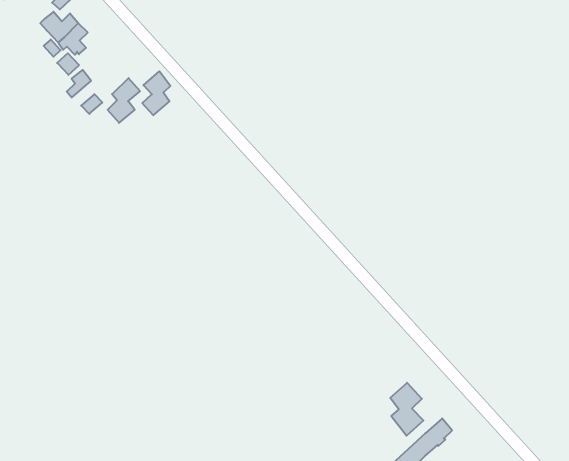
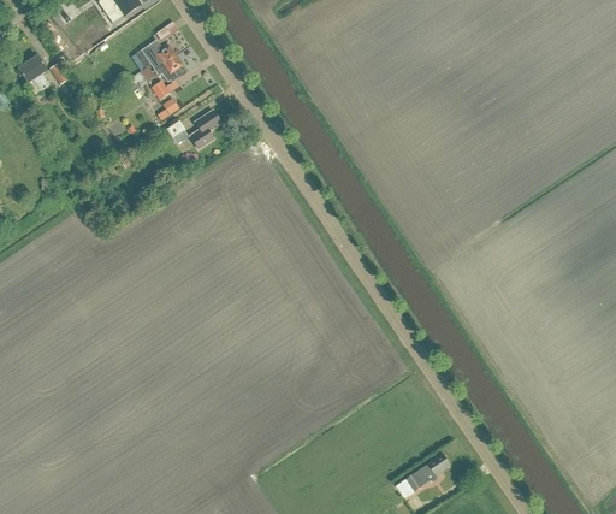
building: [142,71,170,115] -> none
building: [390,383,423,436] -> none

